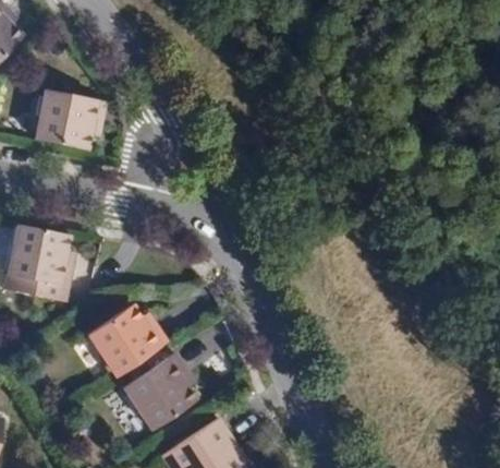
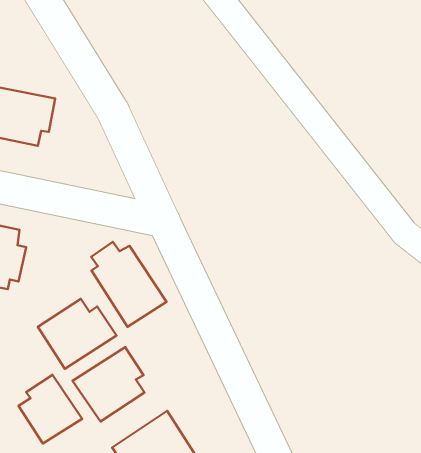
building: none -> [91,242,166,327]
building: none -> [18,375,82,444]

